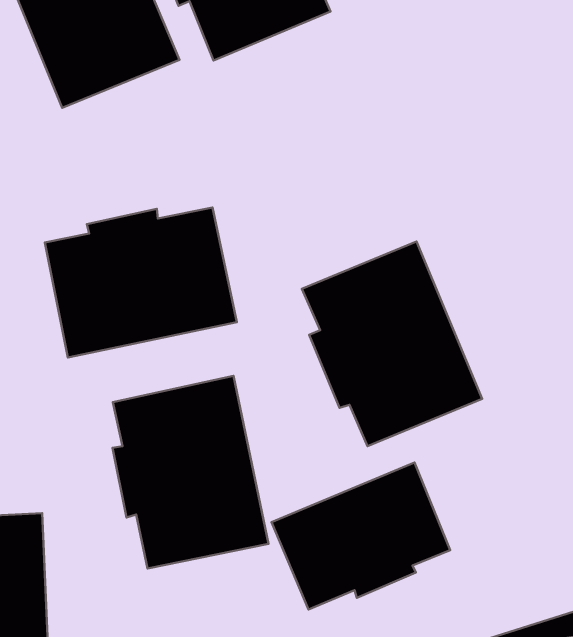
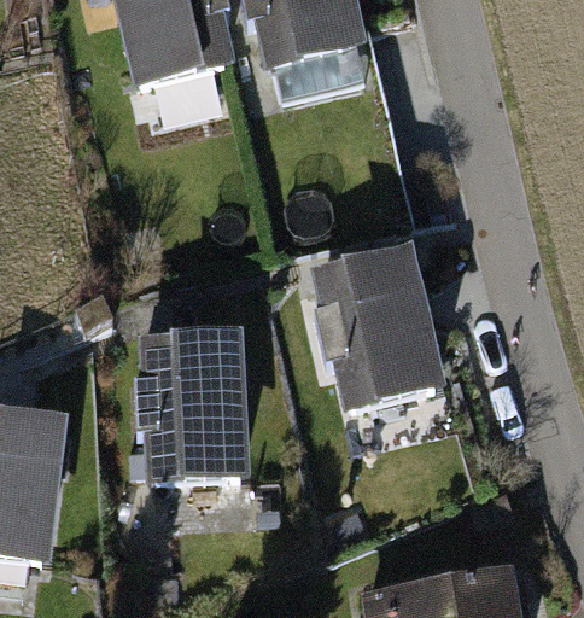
building: [45,207,237,357] -> none
building: [272,462,450,609] -> none

